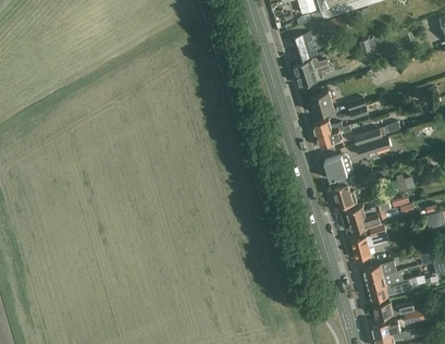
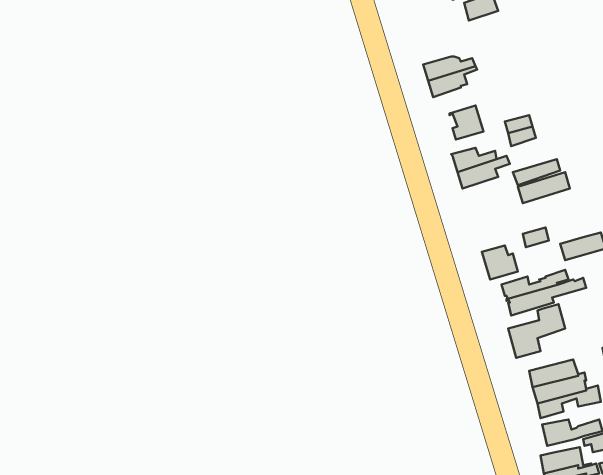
building: [292,30,318,60] -> none
building: [324,155,354,180] -> none

